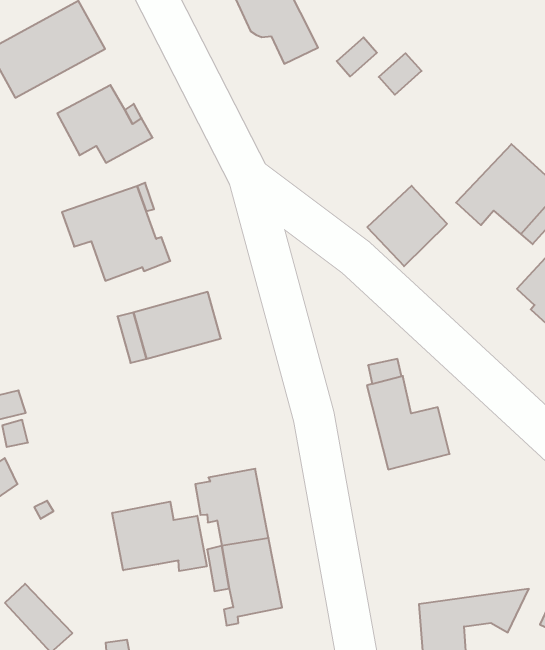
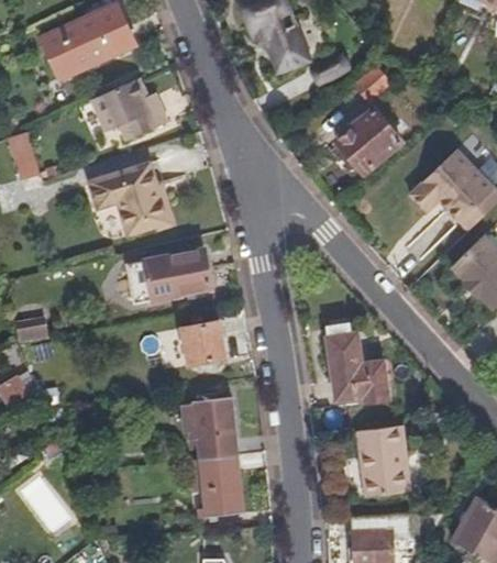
building: [367,186,447,266] -> [335,108,400,173]
building: none -> [180,320,223,363]
building: none -> [358,424,409,496]
building: [112,502,207,571] -> none

